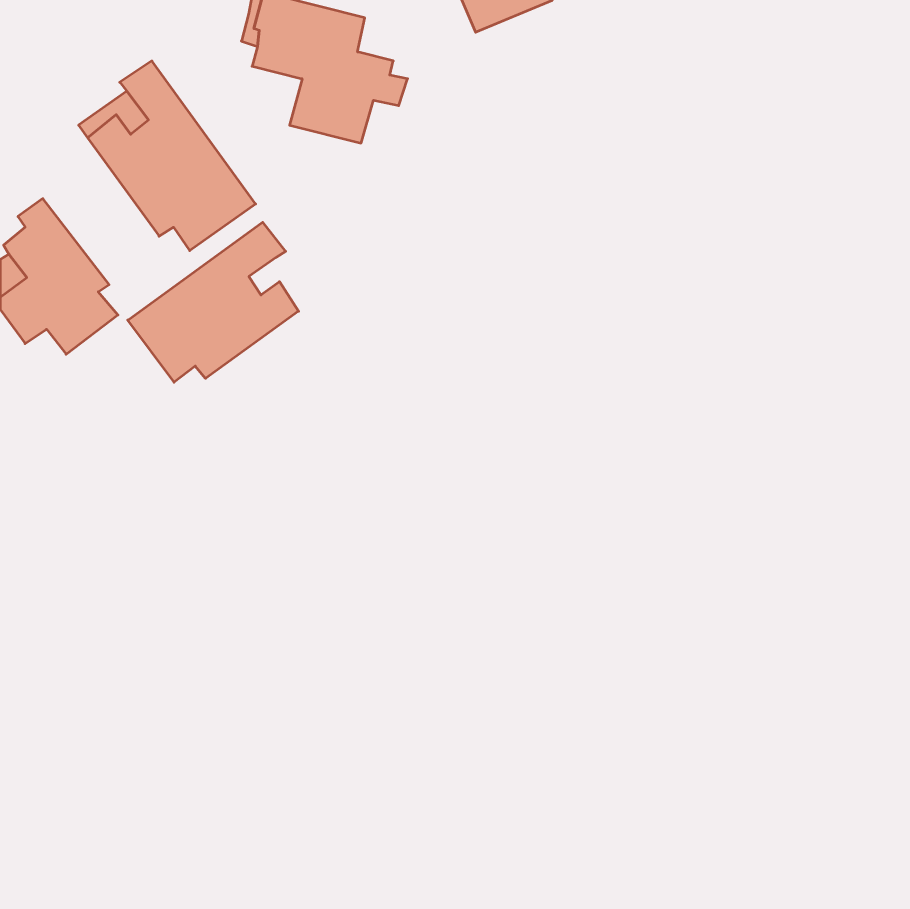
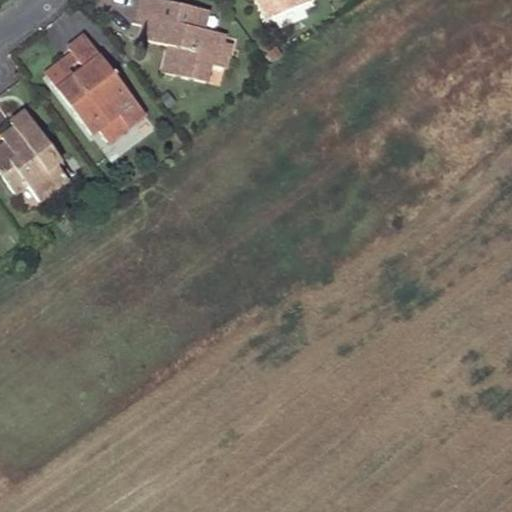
building: [128,222,299,382] -> none

